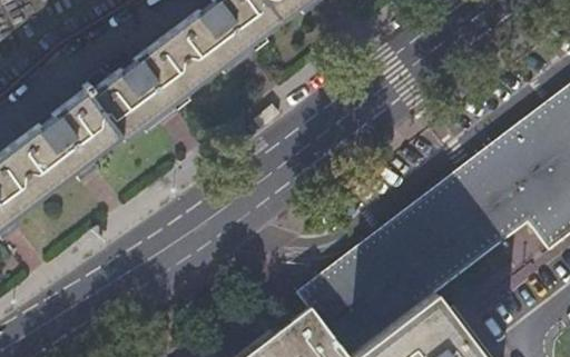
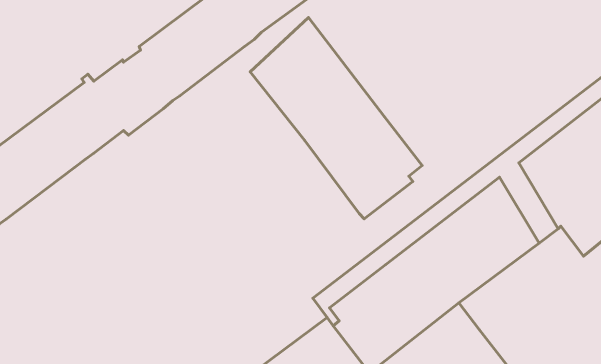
building: none -> [250,18,422,219]

